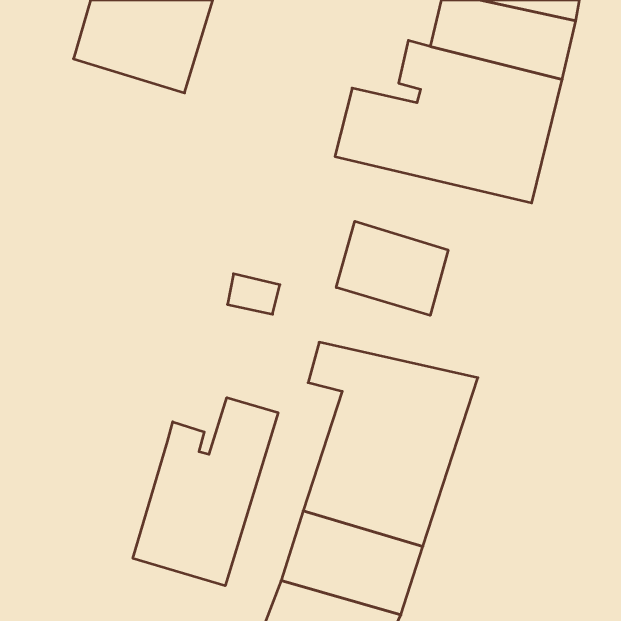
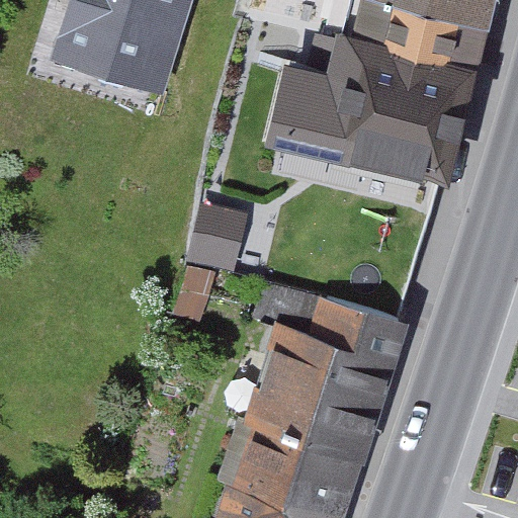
building: [336,221,448,315] -> none
building: [133,398,278,586] -> none

